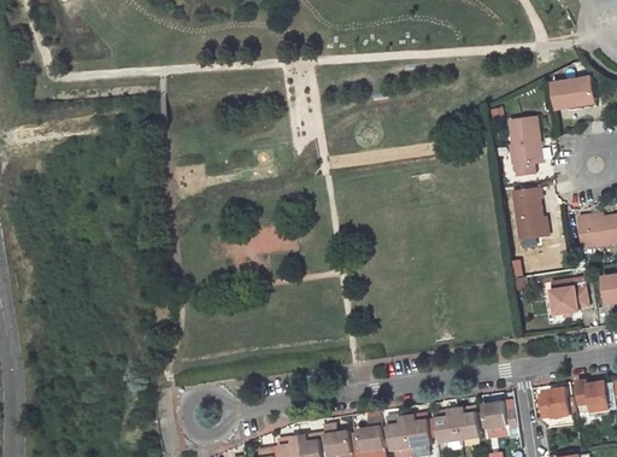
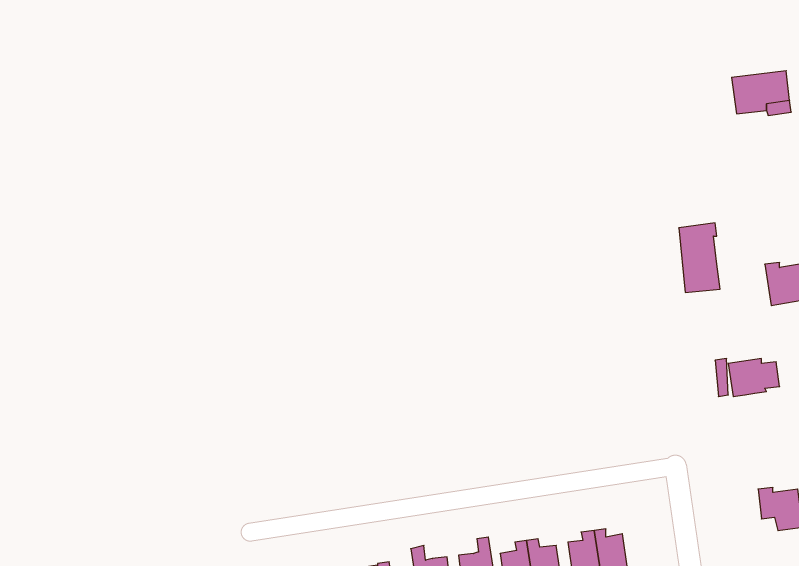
building: [511,116,542,174] -> none
building: [535,387,568,417] -> none
building: [480,404,515,432] -> none

